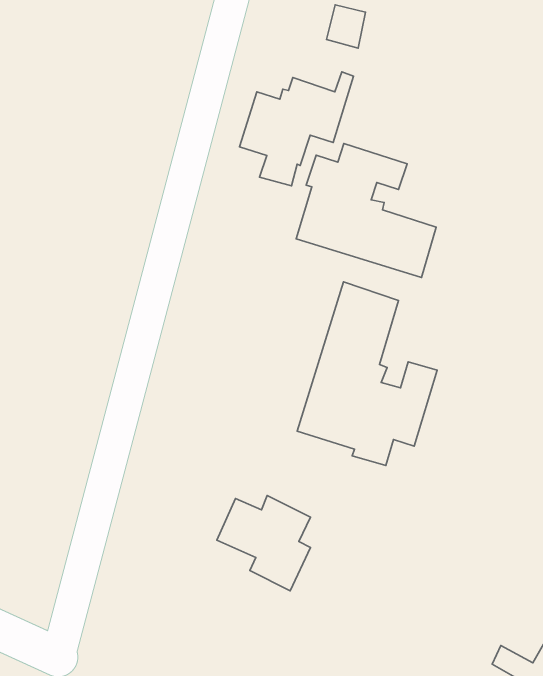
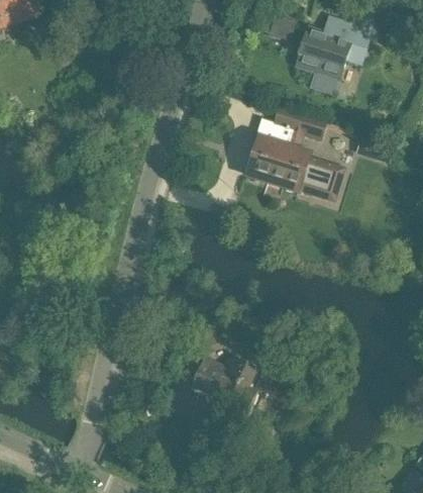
building: [239,72,353,186] -> [297,13,377,93]
building: [297,282,437,466] -> none

